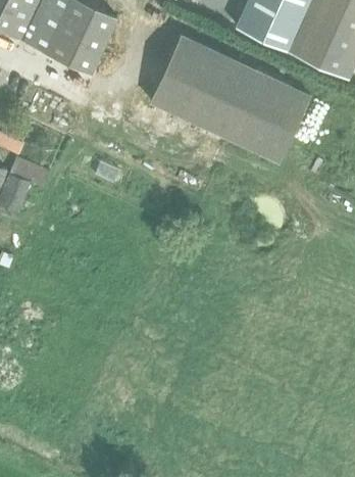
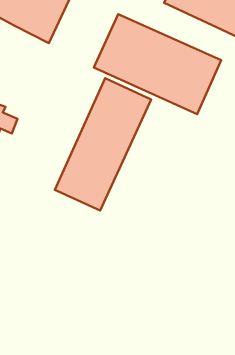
building: none -> [55,78,151,210]

